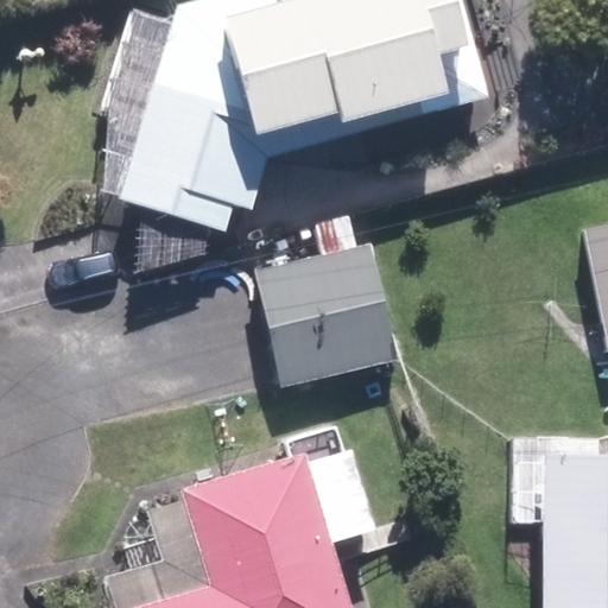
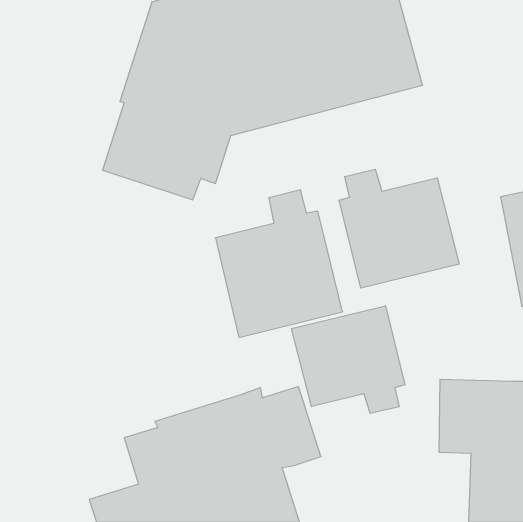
building: none -> [339,169,459,288]
building: none -> [292,306,405,413]

